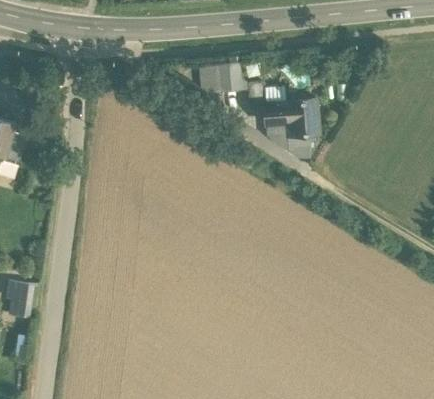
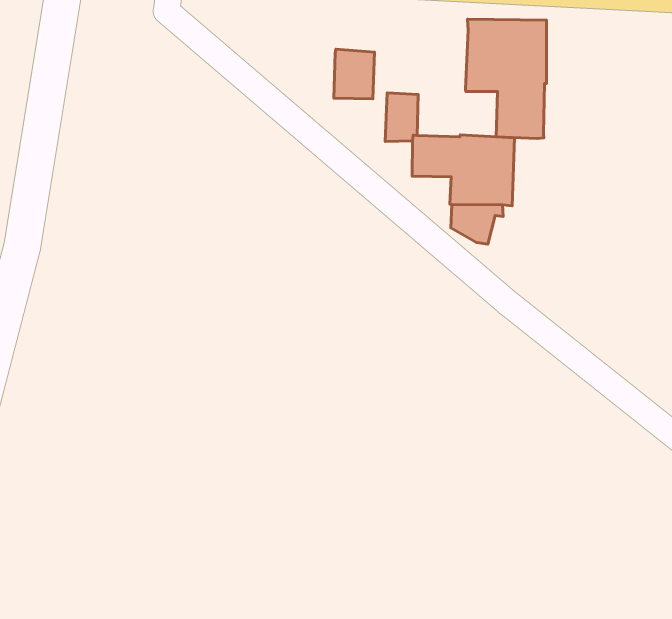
building: none -> [466,19,547,138]
building: [197,64,220,102] -> none

